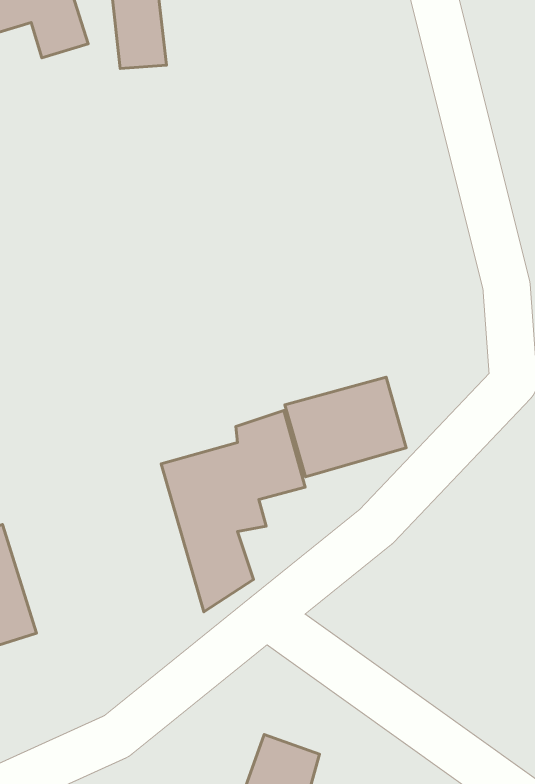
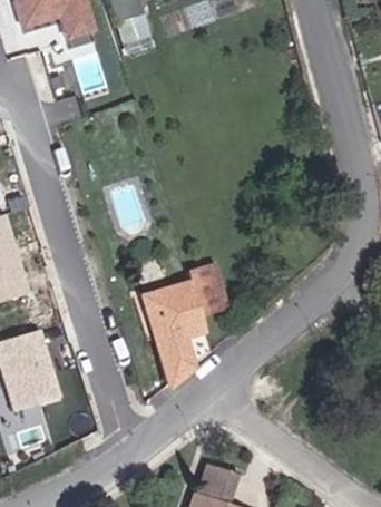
building: [285,377,406,477] -> none

